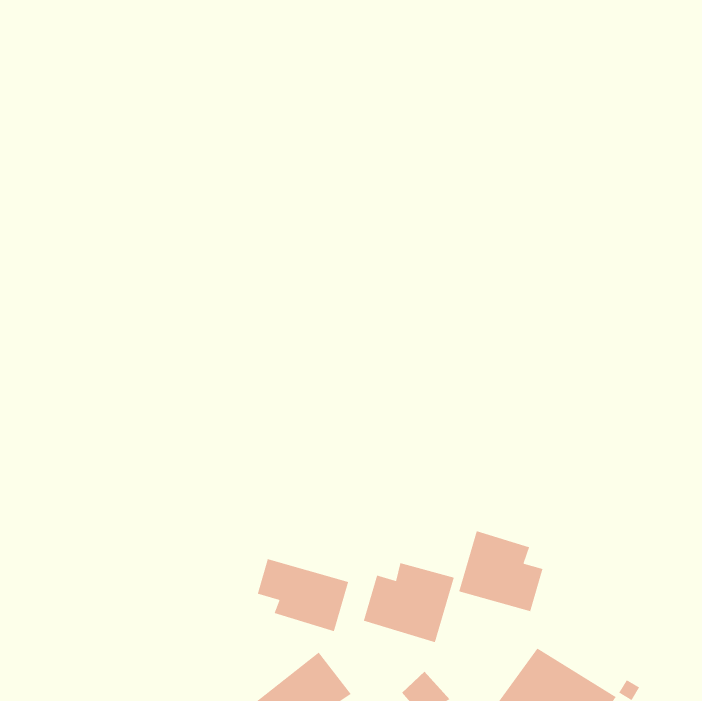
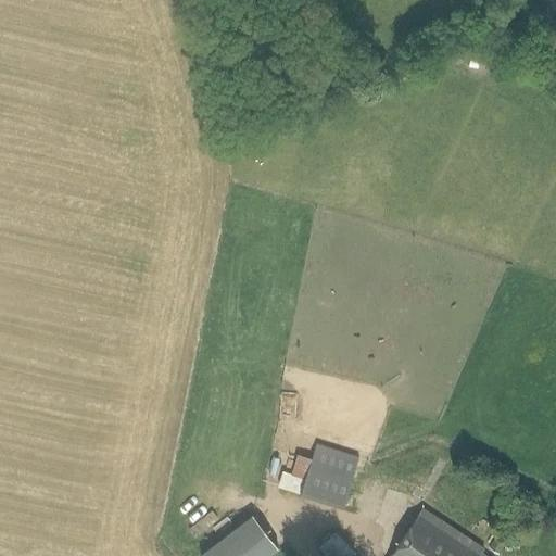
building: [458,530,543,612] -> none
building: [257,558,349,632] -> none

